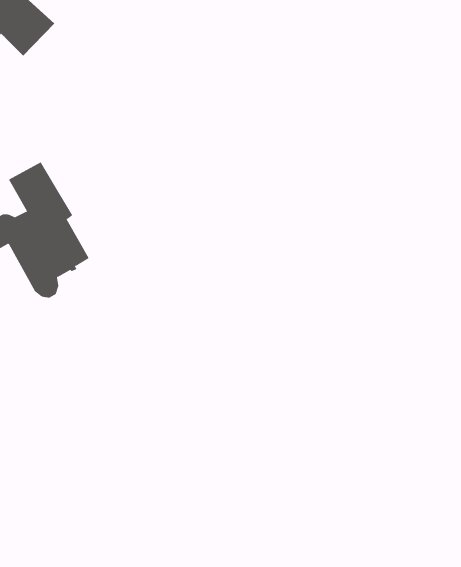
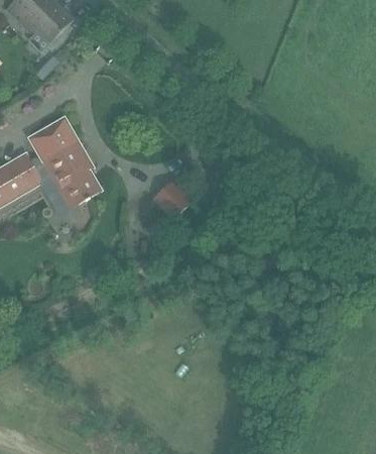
building: none -> [156,179,196,218]

